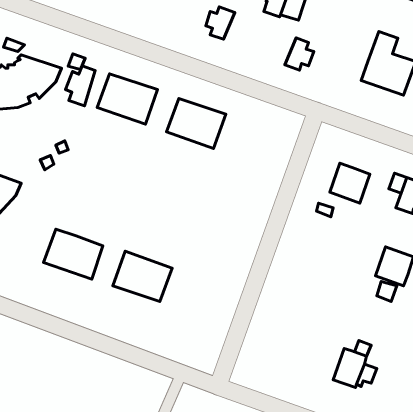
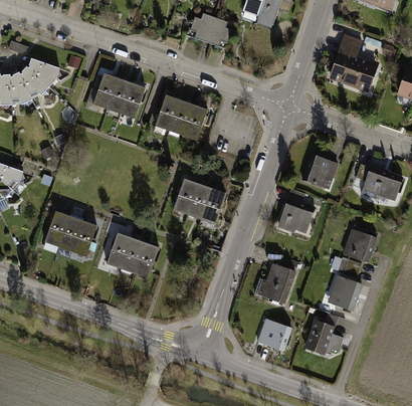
building: [285,38,314,70] -> [206,17,232,46]
building: [65,66,95,106] -> none
building: none -> [174,179,227,224]
building: none -> [277,204,313,234]
building: none -> [254,263,295,304]
building: none -> [328,275,362,311]
building: none -> [256,318,292,352]

